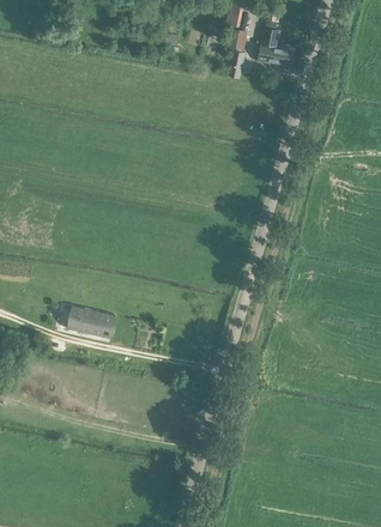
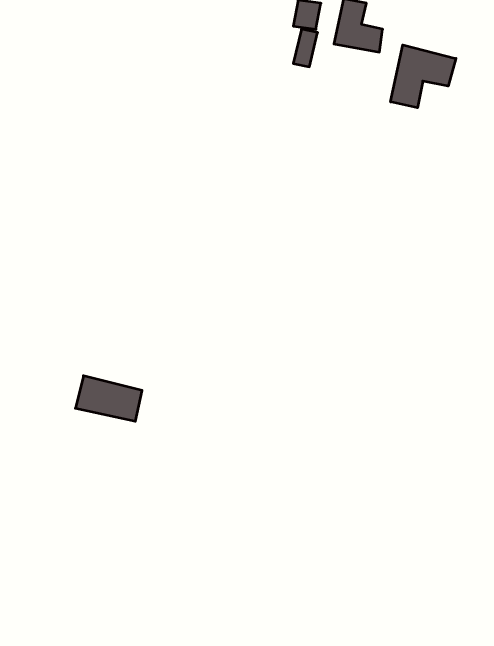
building: none -> [391,45,456,108]

